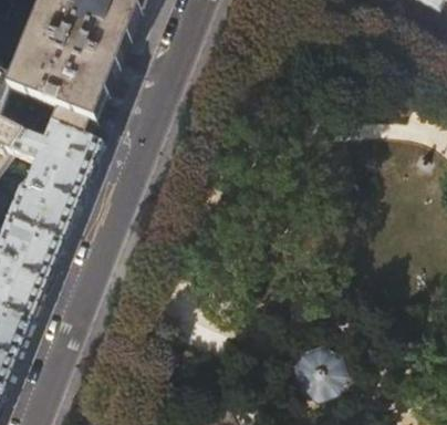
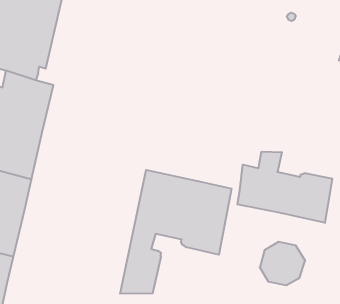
building: none -> [237,152,332,223]
building: none -> [120,170,231,294]

